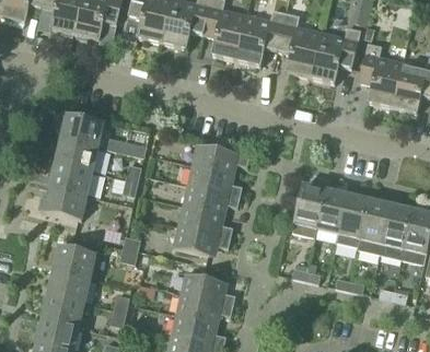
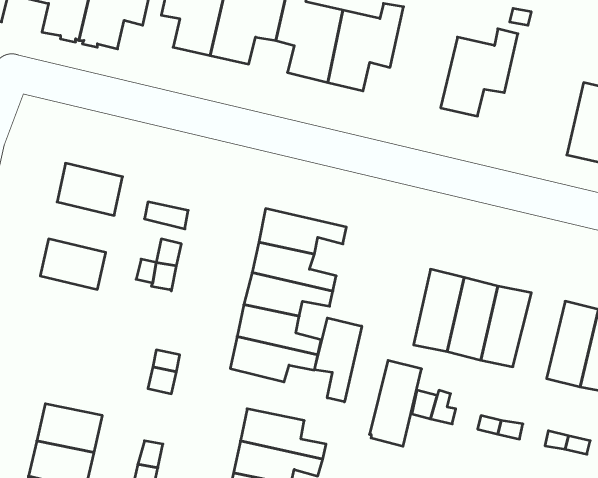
building: [277,12,321,78] -> none
building: [358,43,403,108] -> none
building: [55,139,97,172] -> none
building: [43,187,86,221] -> none
building: [357,198,391,254] -> [369,360,422,446]
building: none -> [314,318,362,402]
building: [53,245,95,278] -> none

